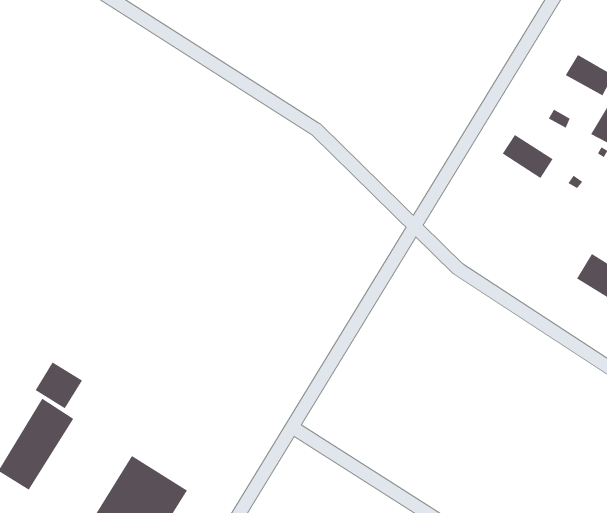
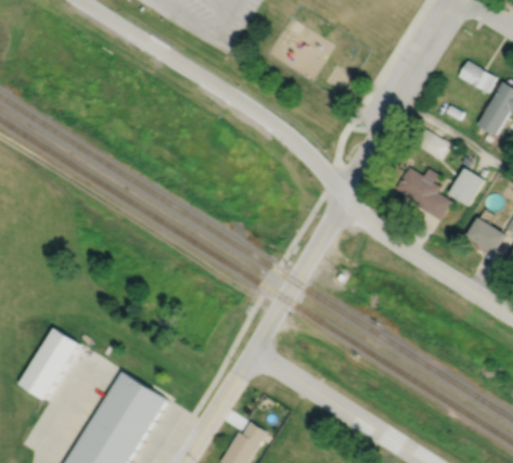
building: none -> [396,167,452,221]
building: none -> [449,168,484,205]
building: [35,362,83,409] -> none

